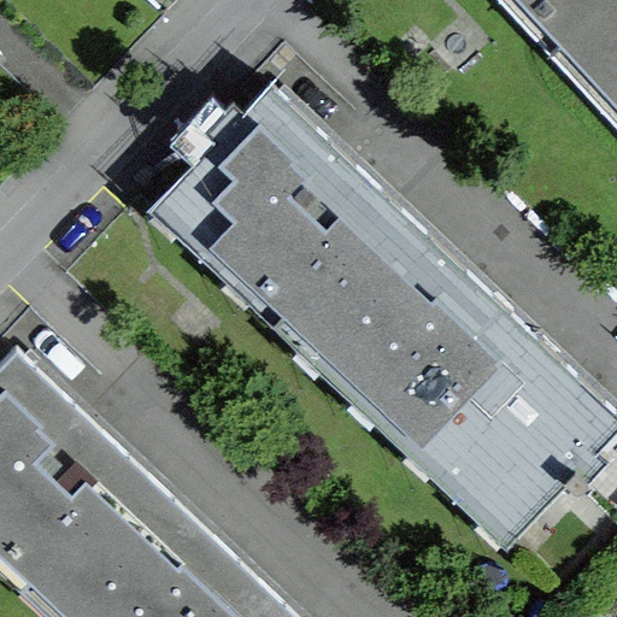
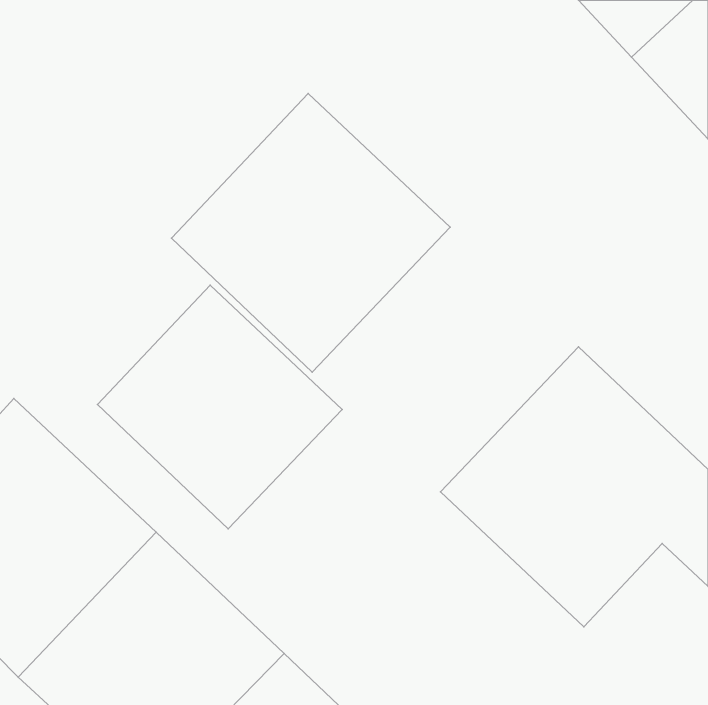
building: [270,202,500,431] -> none
building: none -> [97,285,342,529]

